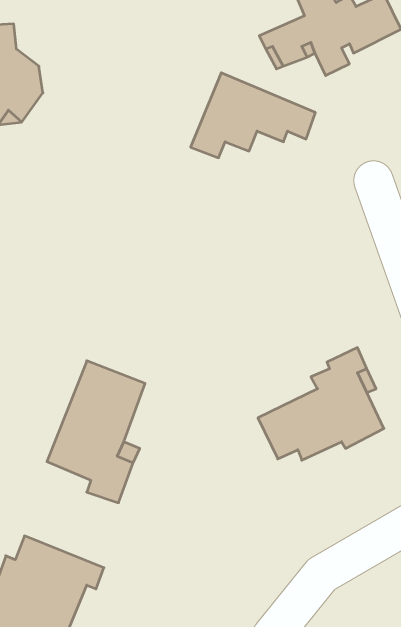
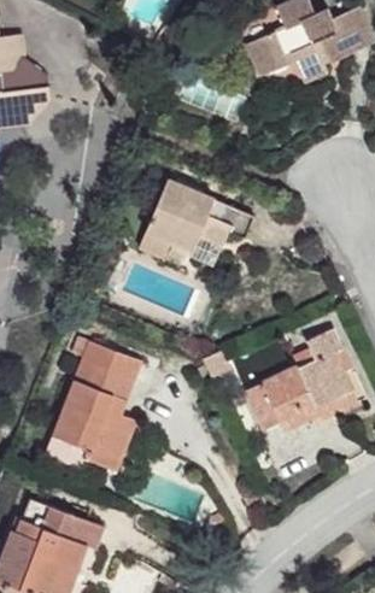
building: [191,73,315,158] -> [139,180,252,257]

